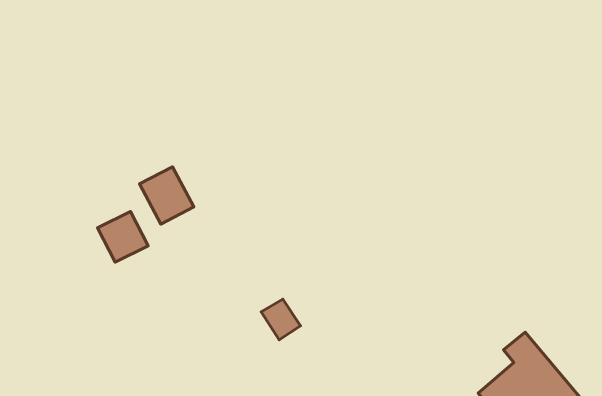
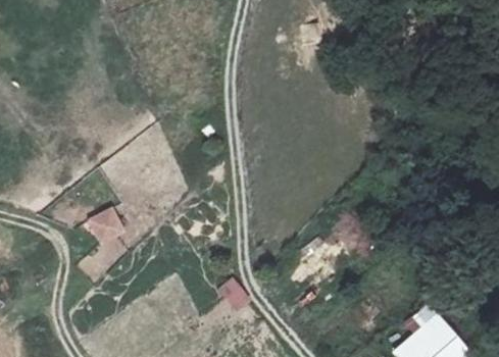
building: [139,167,194,224] -> none

